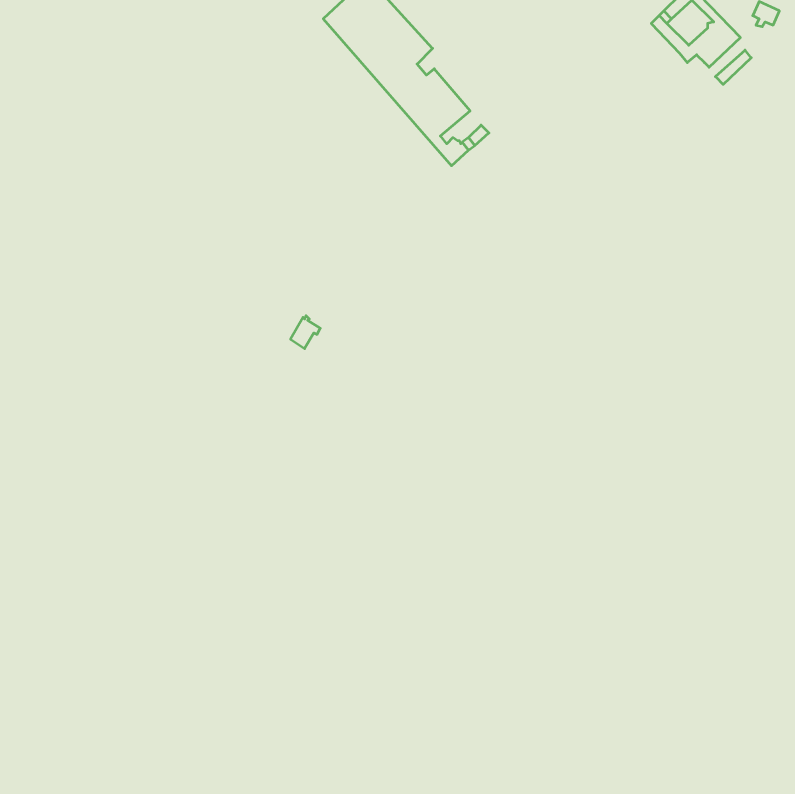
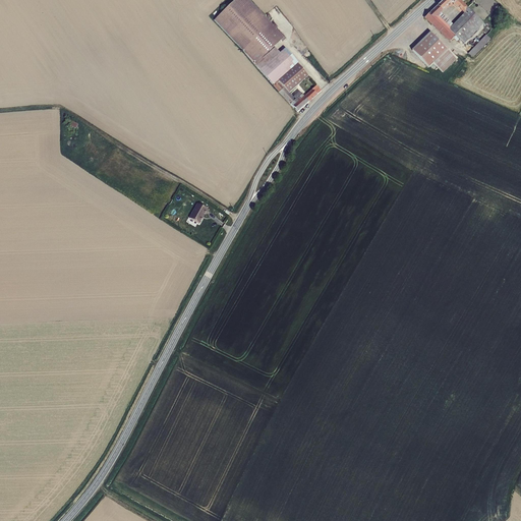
building: none -> [410,32,454,68]

